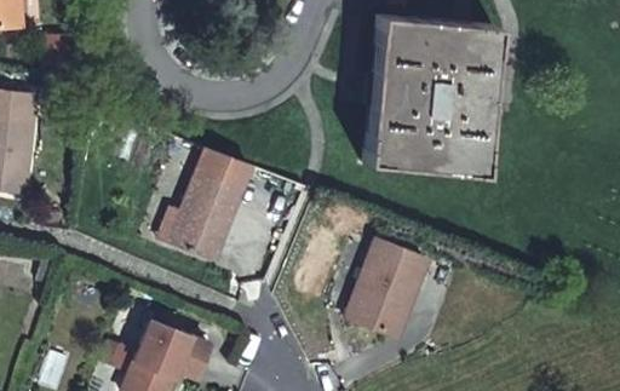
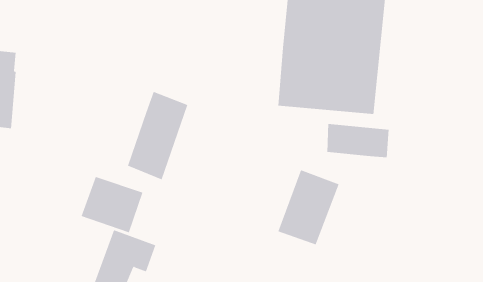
building: none -> [327,123,389,158]
building: none -> [81,176,143,233]

